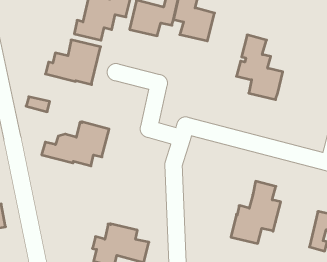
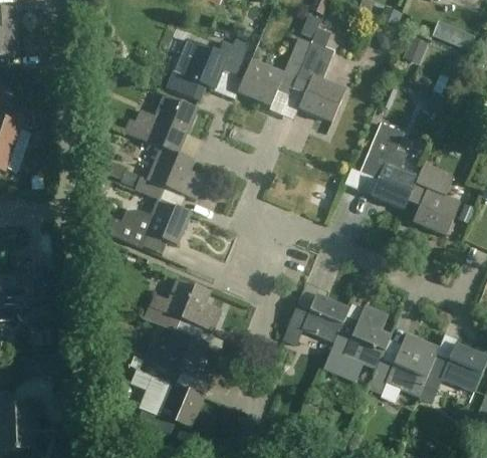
building: none -> [408,164,459,235]
building: none -> [134,146,206,200]
building: none -> [282,293,349,345]
building: none -> [144,276,222,331]
building: none -> [368,332,439,396]

